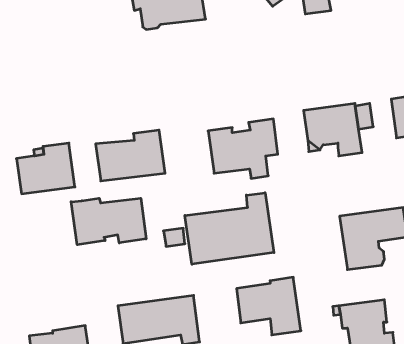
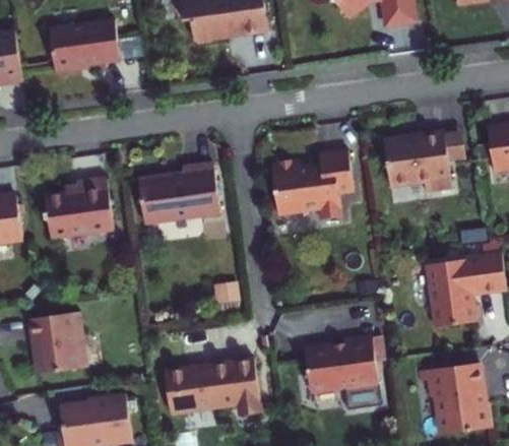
building: none -> [50,19,120,72]
building: [185,193,274,264] -> none
building: [71,198,146,245] -> none
building: none -> [29,311,86,374]

